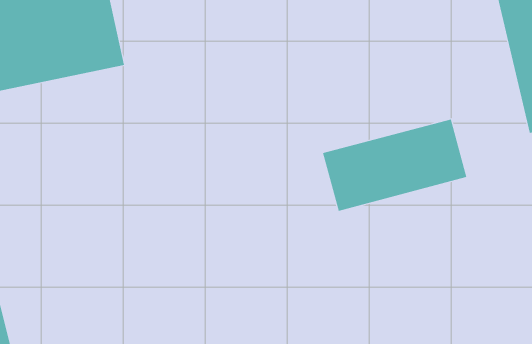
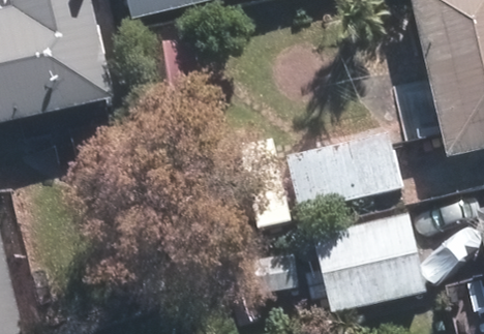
building: none -> [311,219,424,311]

